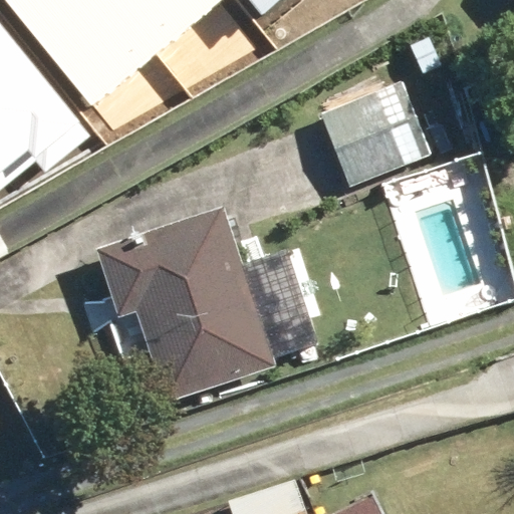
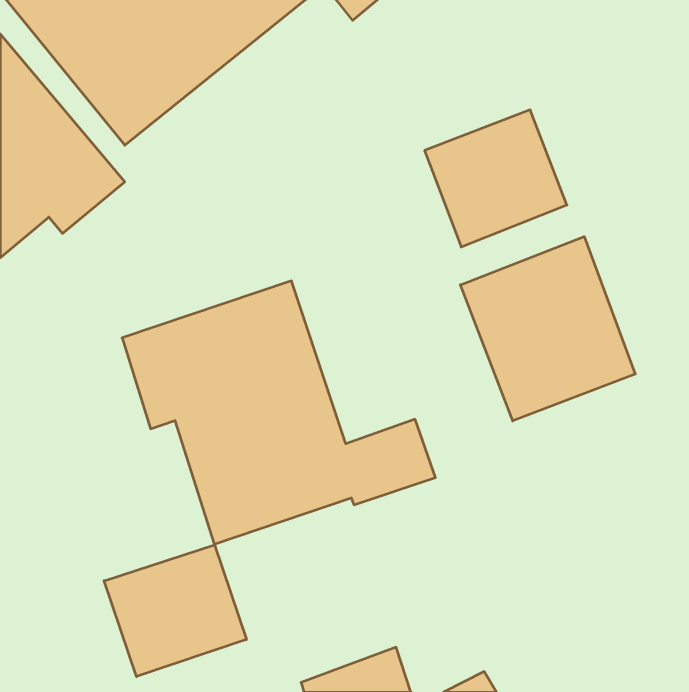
building: none -> [460,237,635,421]
building: none -> [104,545,246,677]

